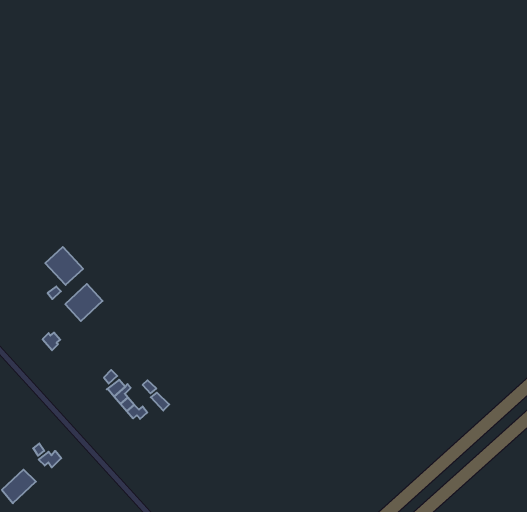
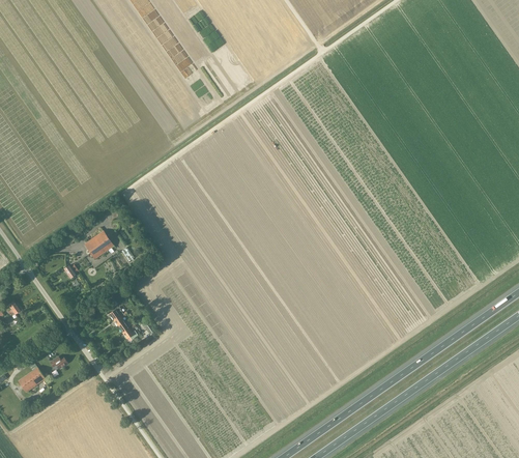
building: [45,247,83,285] -> none

